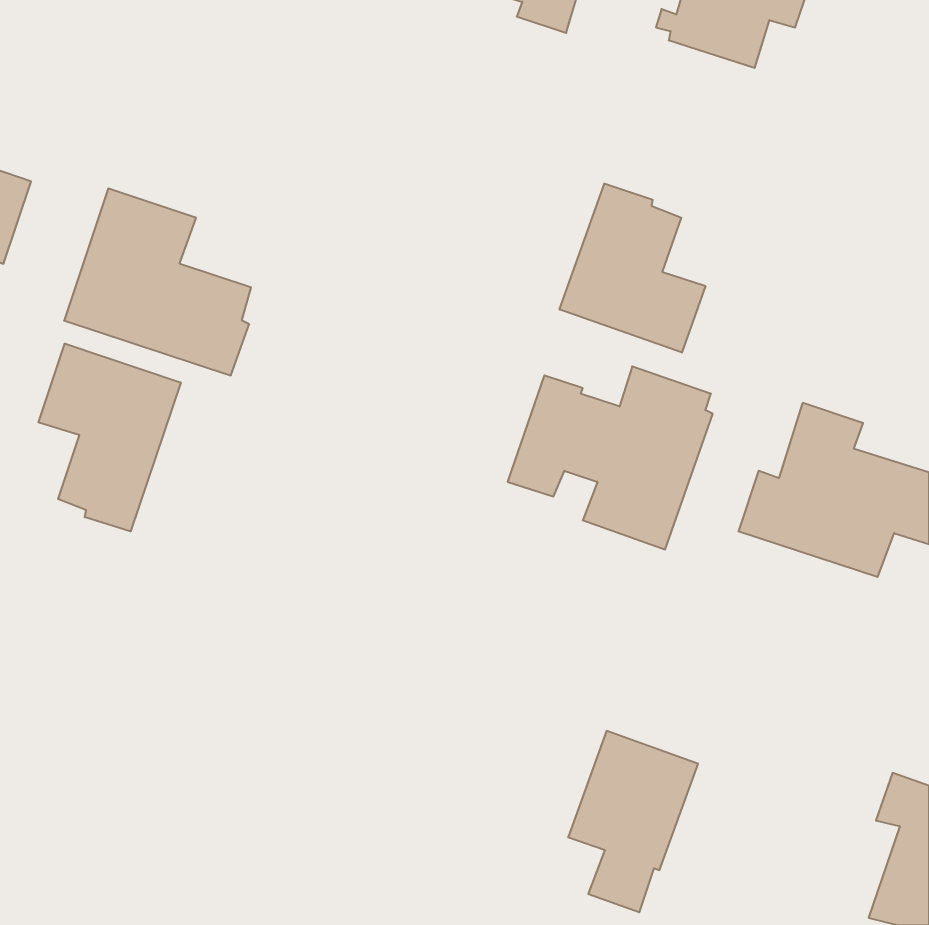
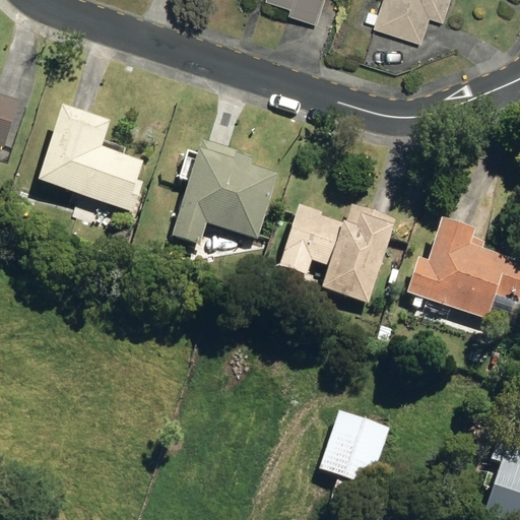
building: [560,184,705,353] -> none
building: none -> [173,139,278,246]
building: [38,344,181,531] -> none

